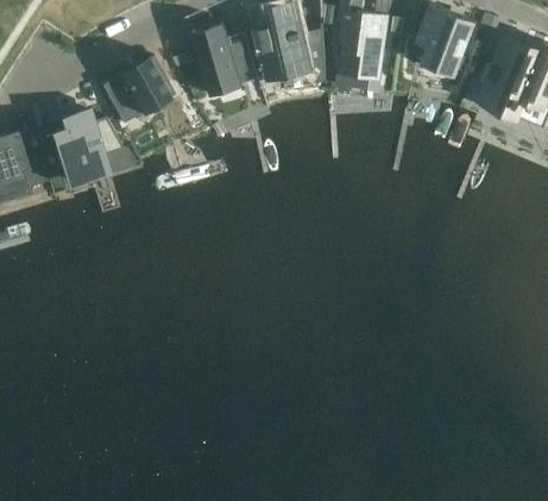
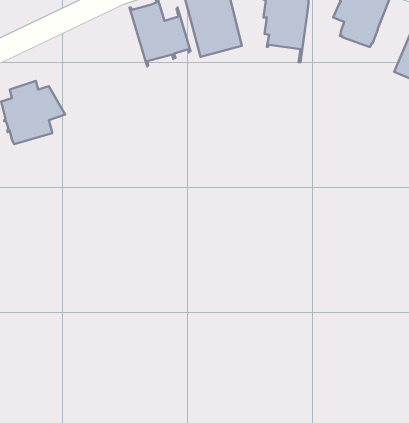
building: [100,57,174,125] -> none

